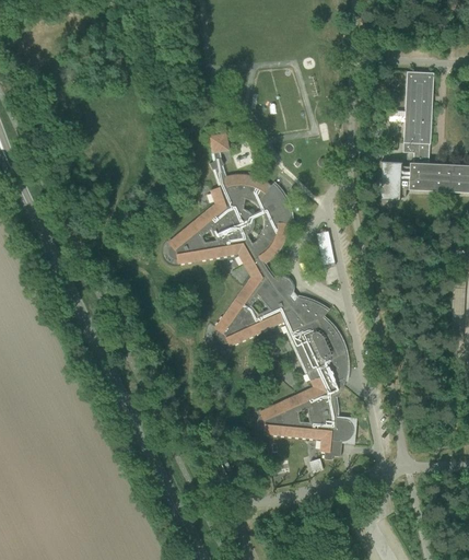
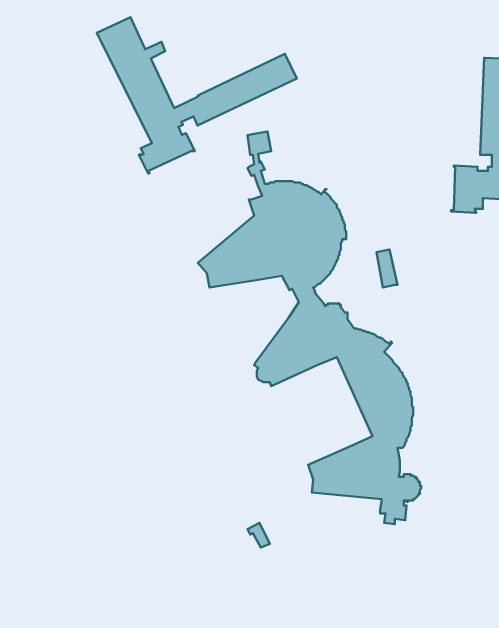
building: none -> [97,17,297,174]

